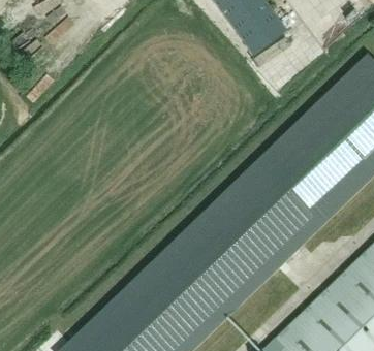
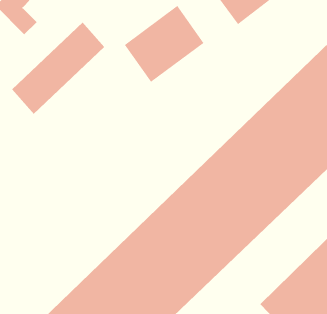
building: none -> [124,5,205,83]
building: none -> [11,21,105,115]

